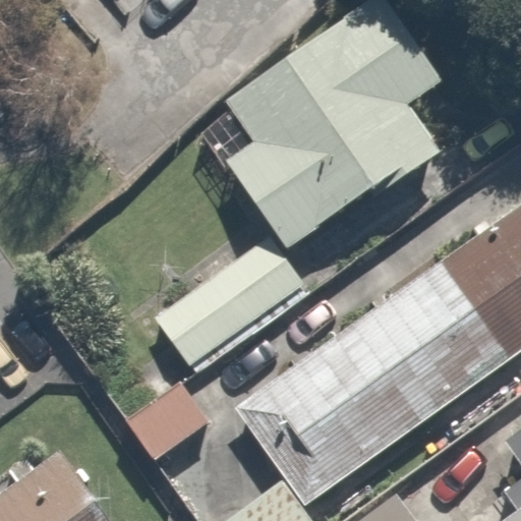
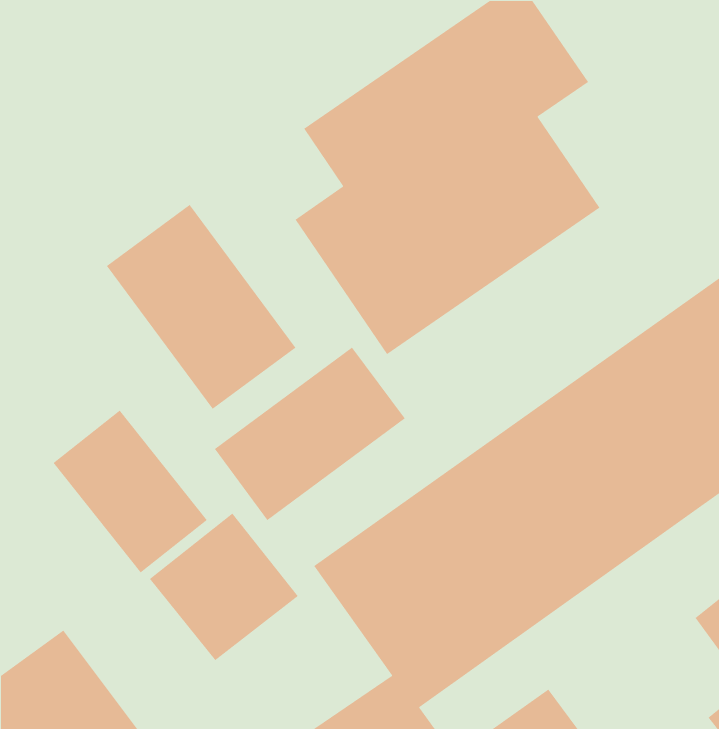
building: none -> [106,204,297,410]
building: none -> [53,409,208,574]

